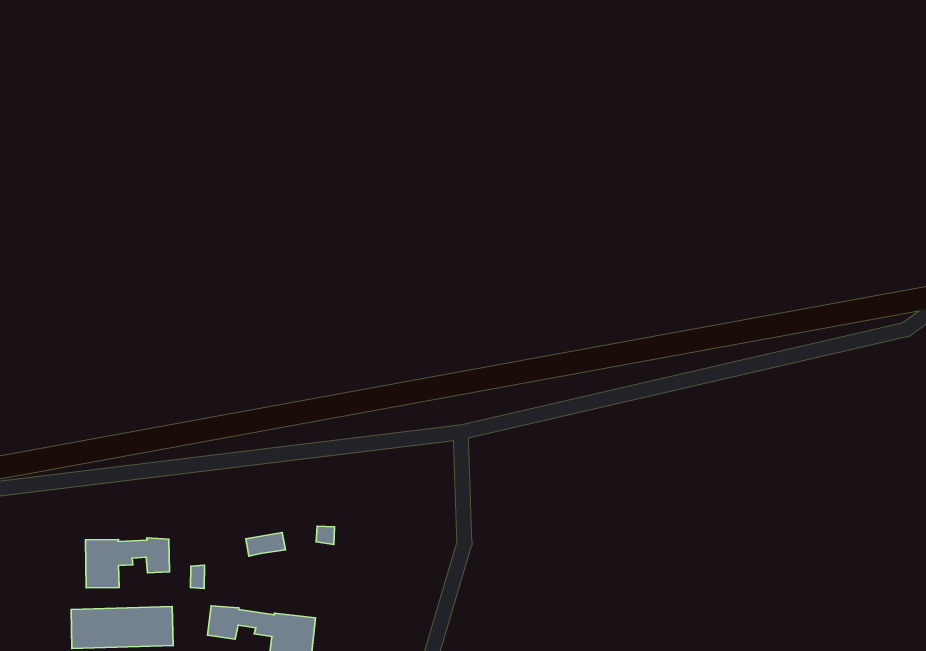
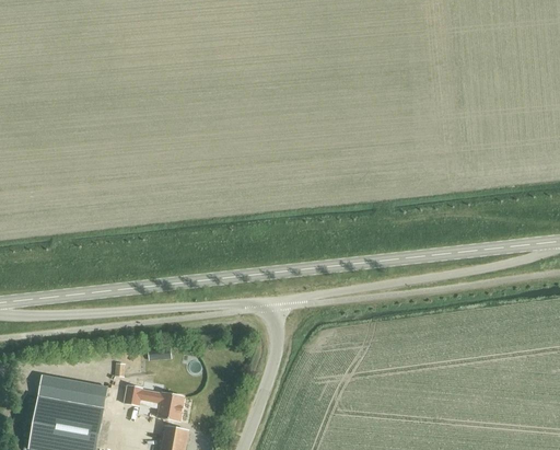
building: [86,538,170,588] -> none

